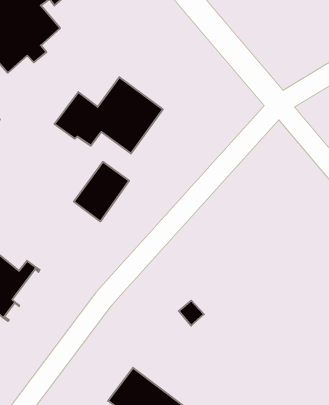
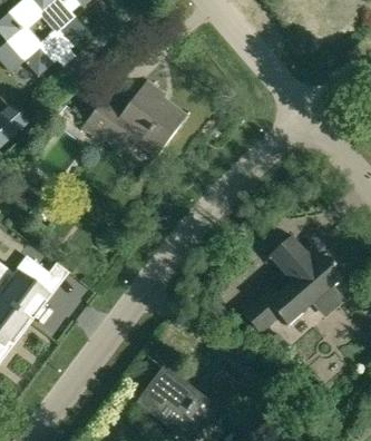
building: [74,162,129,221] -> none
building: none -> [243,237,343,334]

